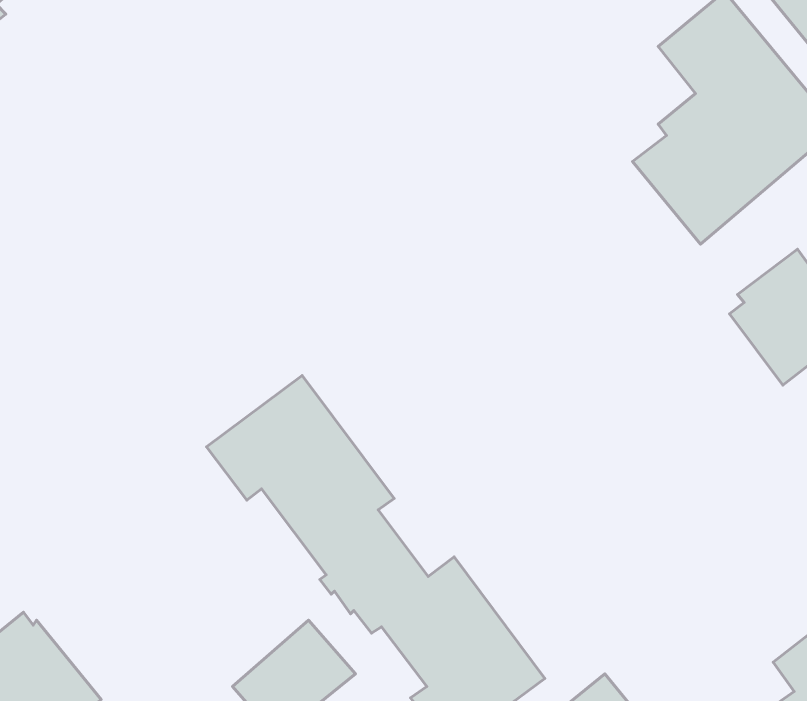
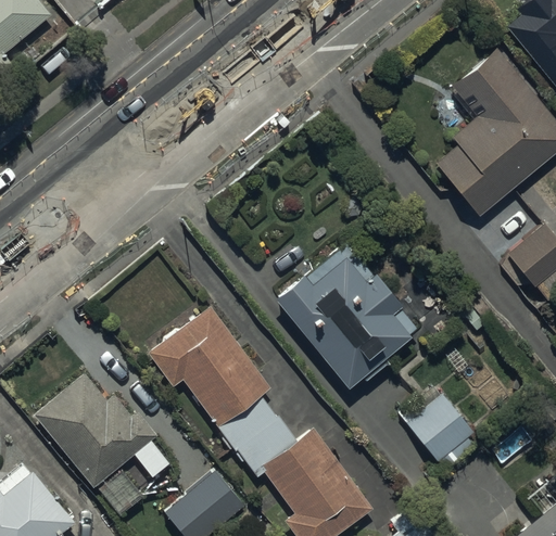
building: none -> [275,243,419,388]
building: none -> [35,374,161,490]
building: none -> [399,387,478,474]

